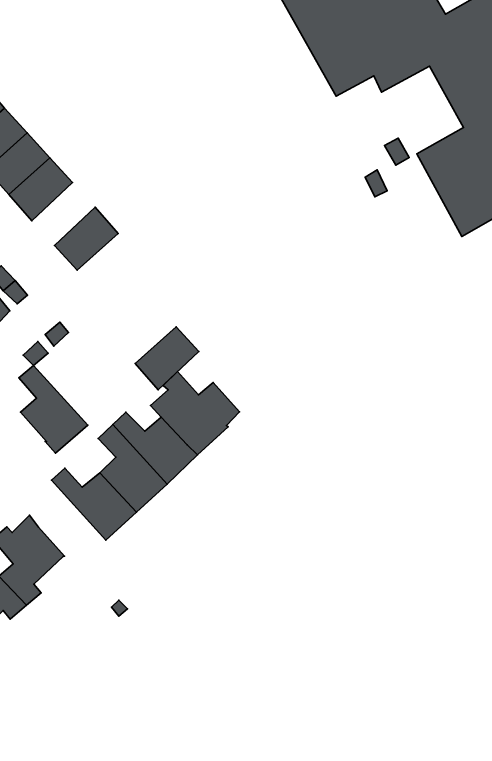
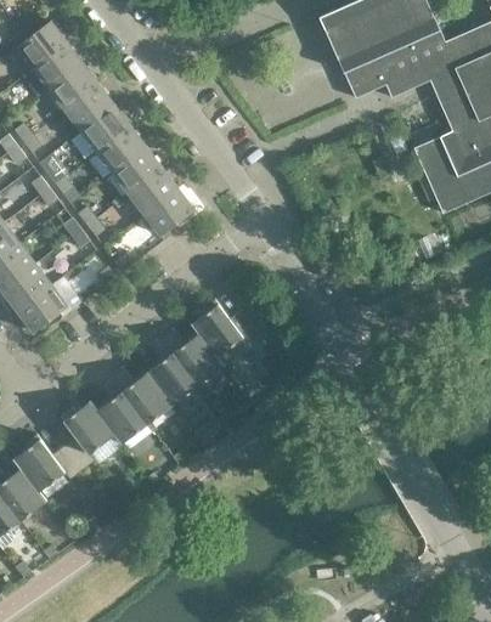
building: none -> [113,146,163,193]
building: [135,327,199,390] -> [145,188,194,236]
building: [19,365,88,453] -> [97,374,148,443]

